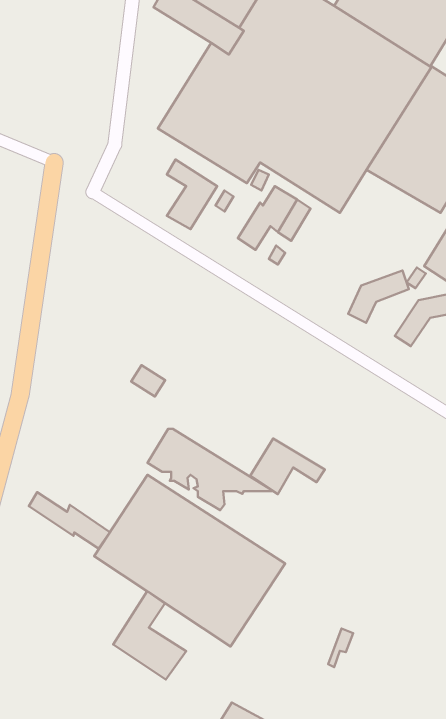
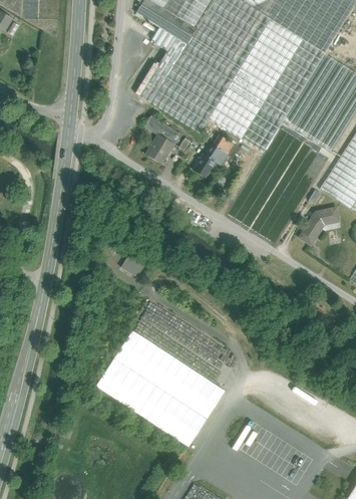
building: [348,271,409,323] -> none
building: [250,439,325,494] -> none
building: [29,492,110,549] -> none
building: [113,591,186,679] -> none

